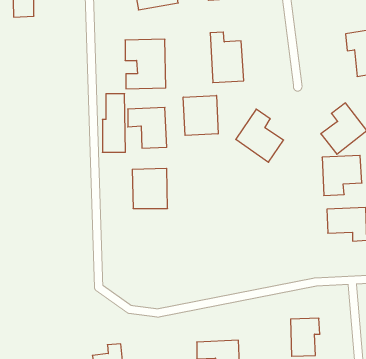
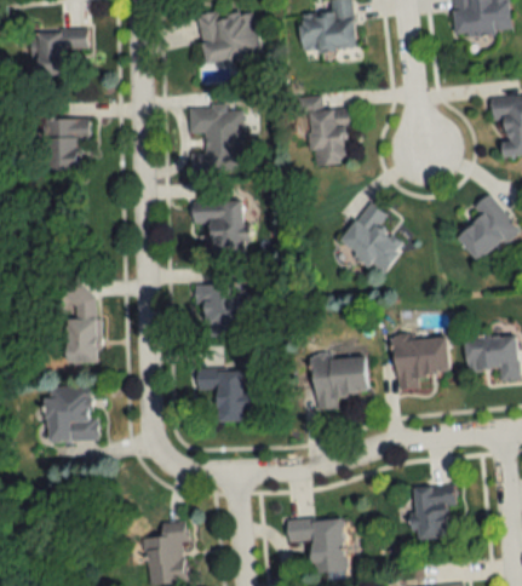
building: none -> [44,117,88,170]
building: [102,94,125,152] -> [65,282,97,362]
building: [183,95,218,135] -> none
building: [322,155,362,195] -> [394,334,448,389]
building: none -> [312,355,367,410]
building: none -> [196,369,257,421]
building: none -> [46,385,96,442]

